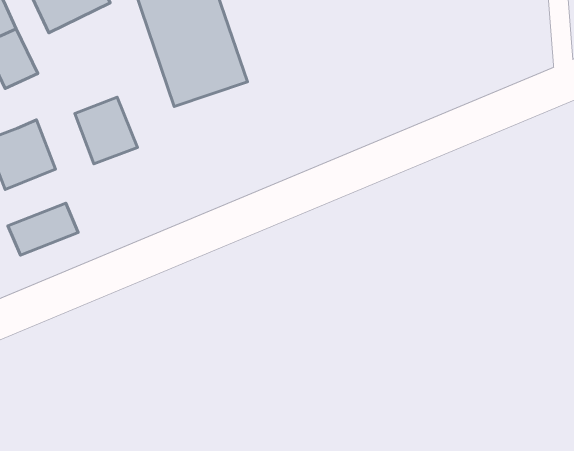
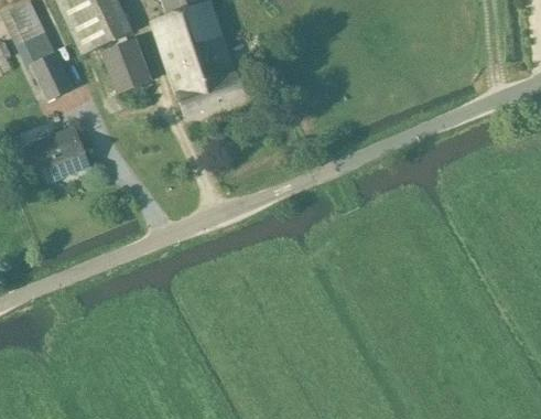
building: [75,97,137,164] -> [101,37,152,92]
building: [8,203,78,255] -> none

